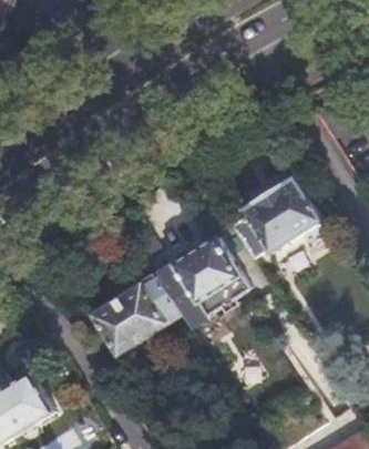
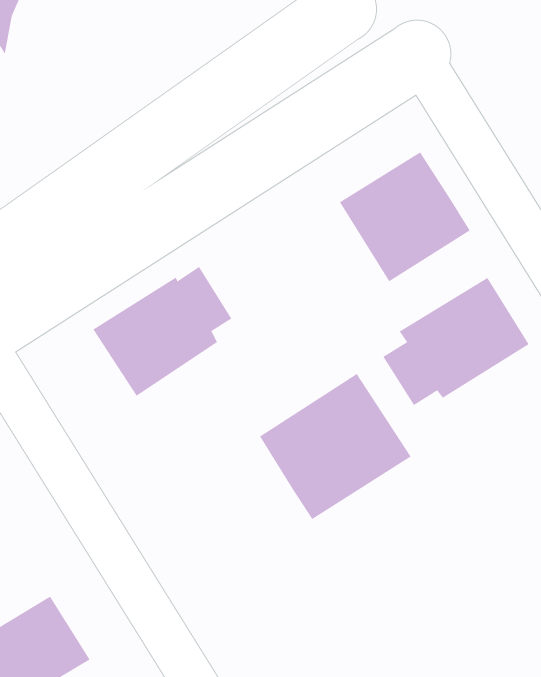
building: none -> [339,152,470,282]
building: [93,275,178,355] -> [93,266,232,396]

